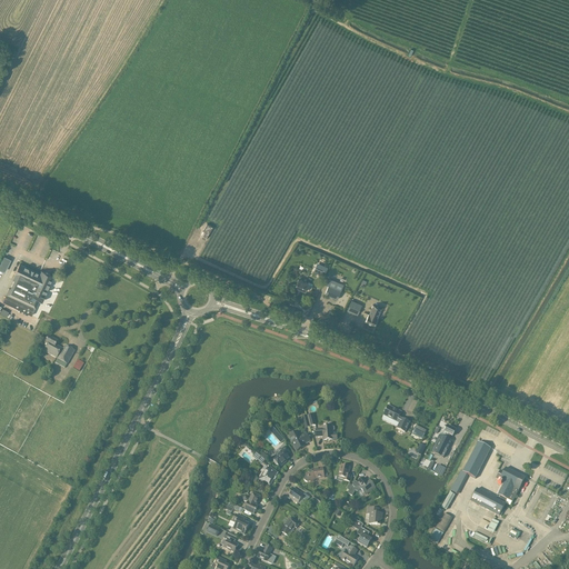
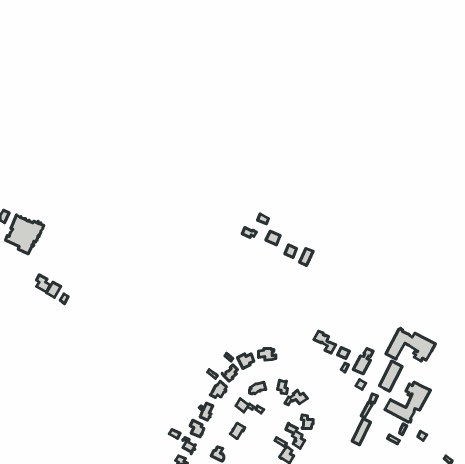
building: none -> [386,328,436,361]

